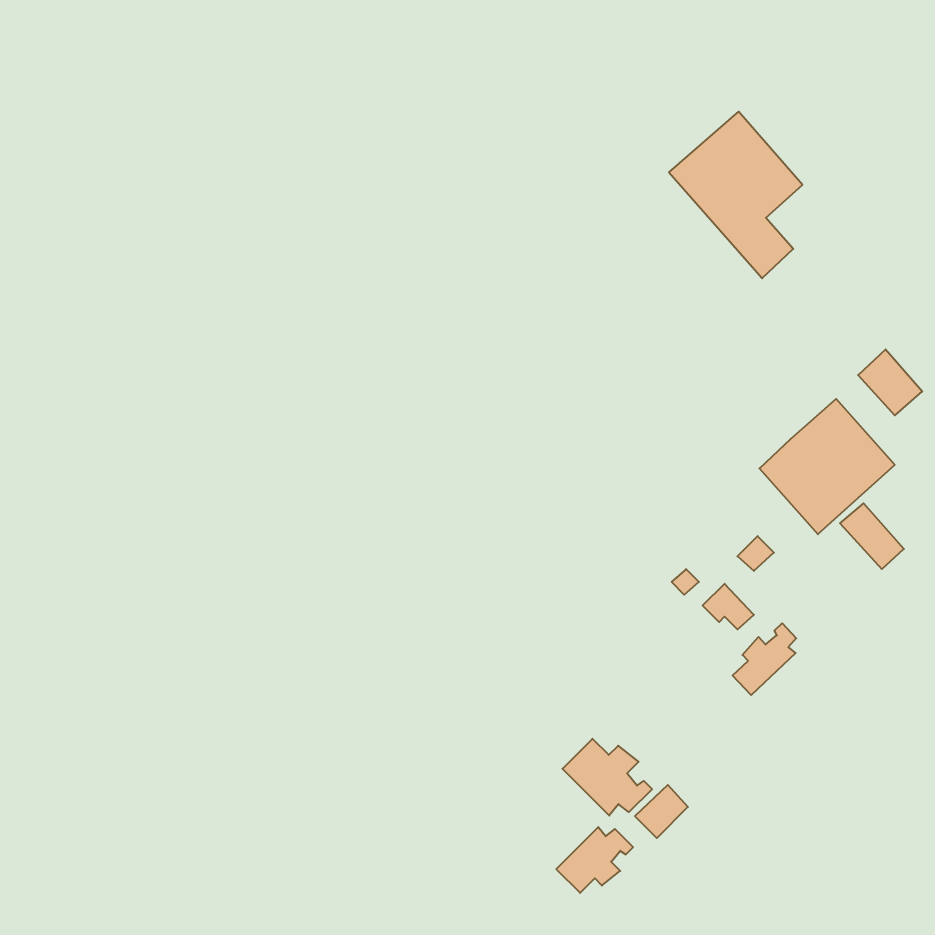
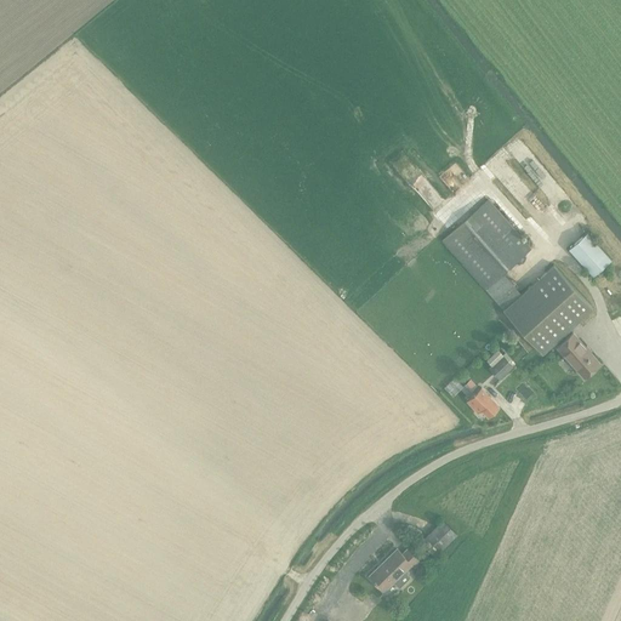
building: [669,112,802,278] -> [441,200,530,310]
building: [733,623,796,695] -> none
building: [562,739,652,816] -> none

